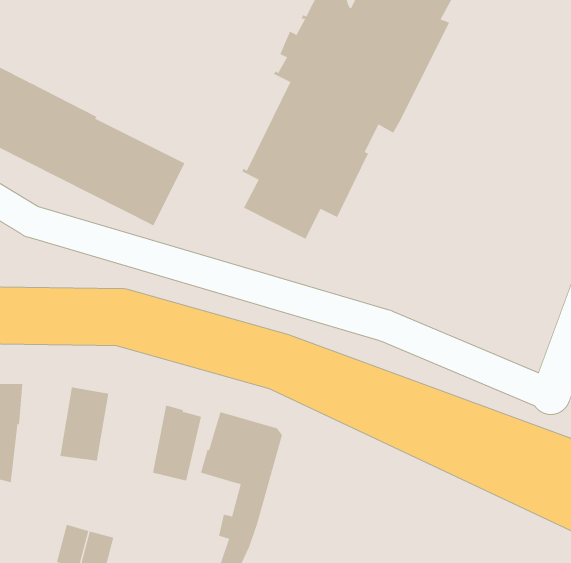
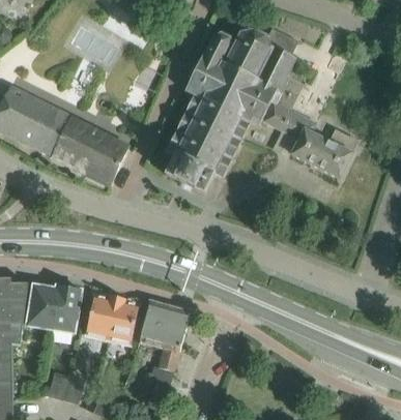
building: none -> [263,76,357,177]
building: none -> [27,282,57,328]
building: none -> [85,293,116,338]

